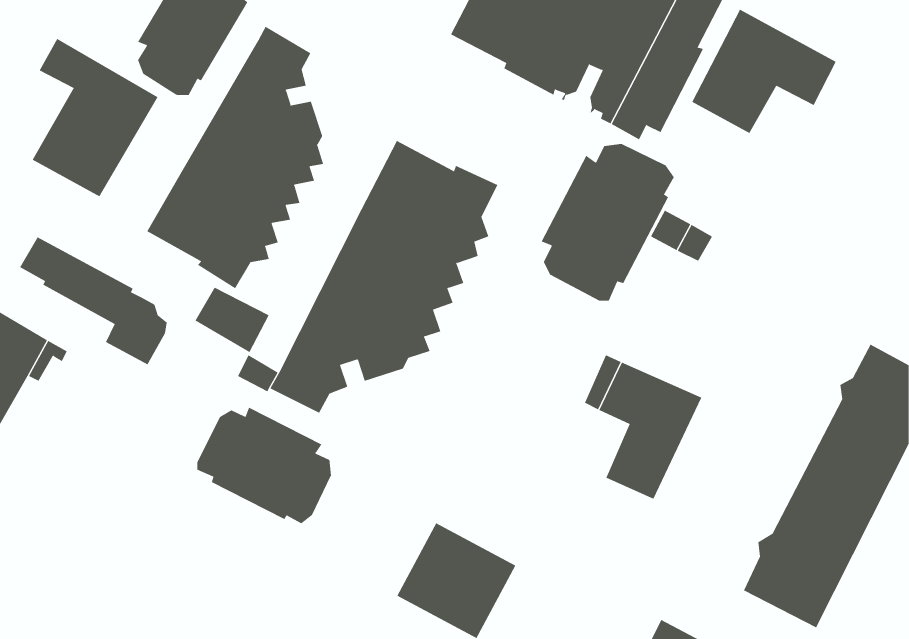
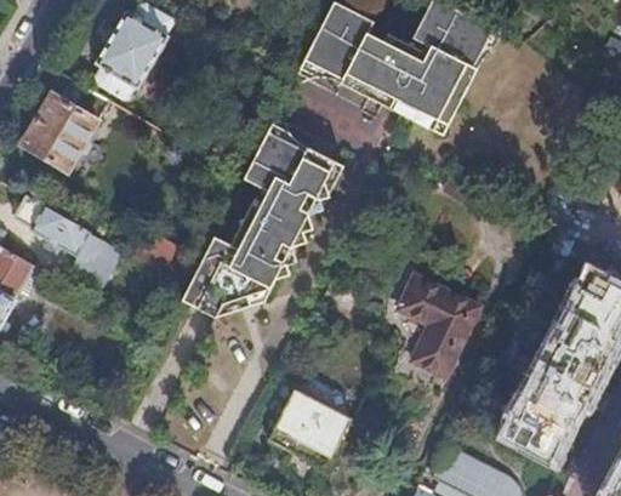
building: [691,9,836,134] -> none
building: [147,26,324,289] -> none
building: [541,143,674,301] -> none
building: [197,407,332,524] -> none

